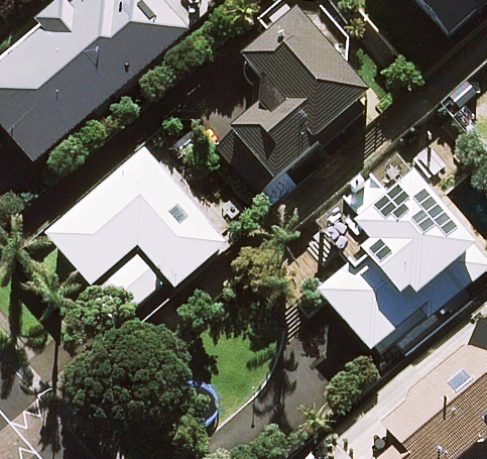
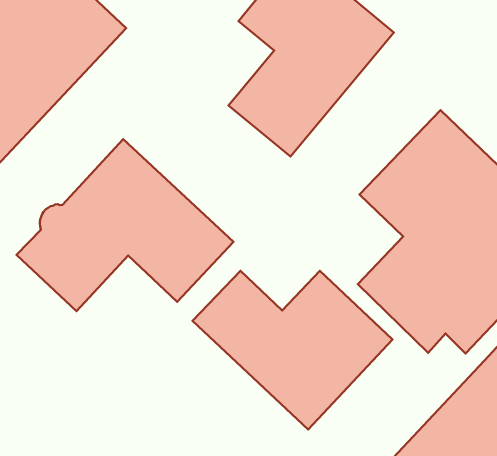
building: none -> [192,271,393,429]

